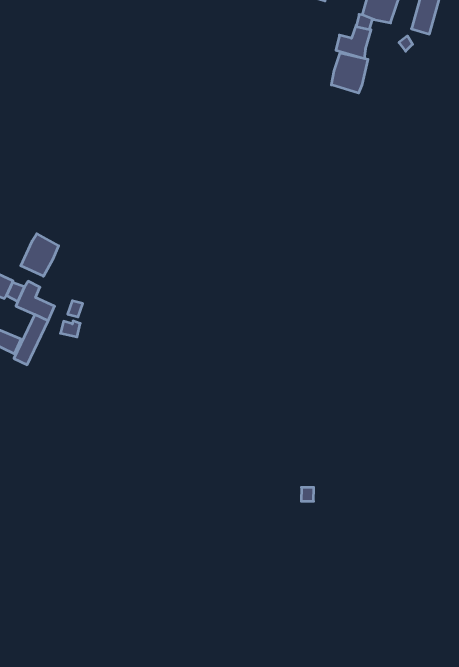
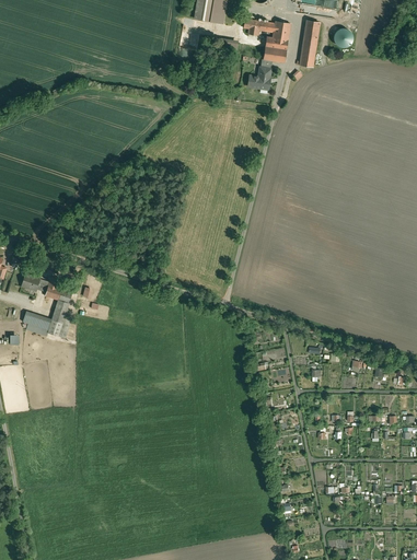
building: [331,53,368,93] -> none
building: [21,234,59,276] -> none

